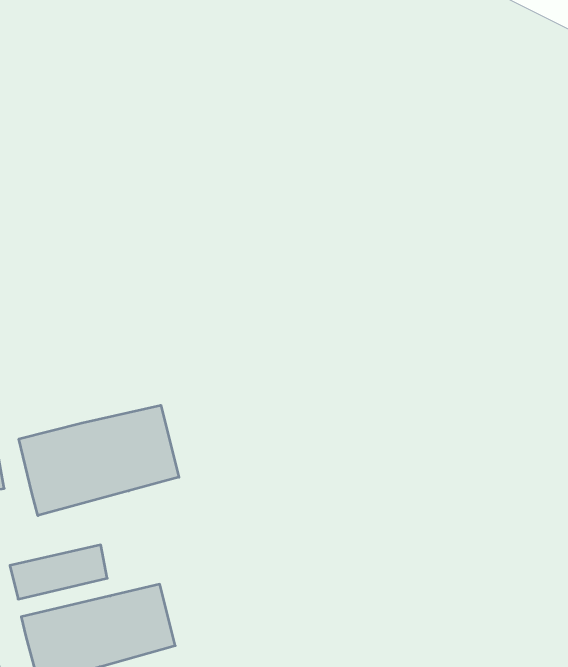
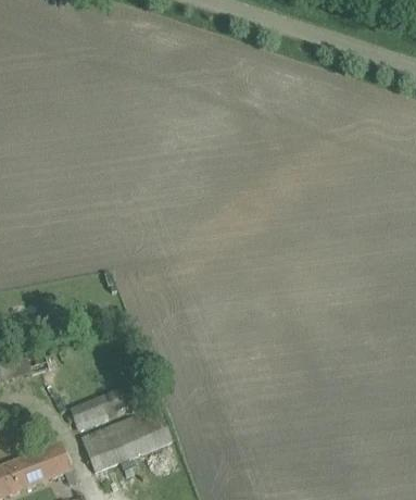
building: [19,405,179,516] -> none

